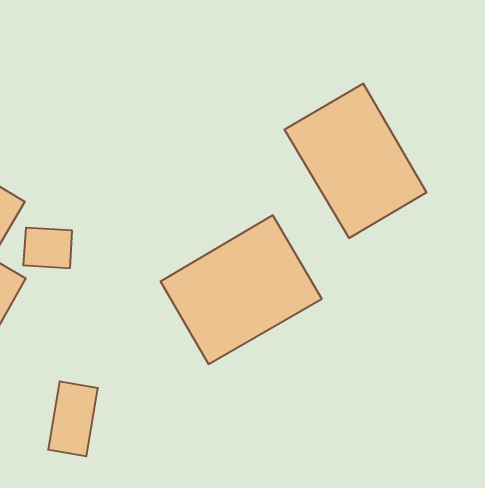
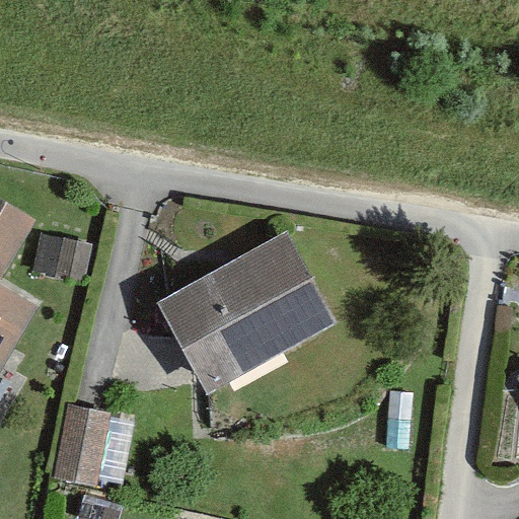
building: [284,83,427,238] -> none

